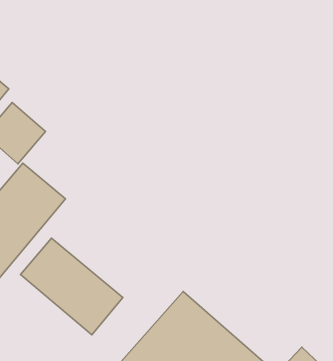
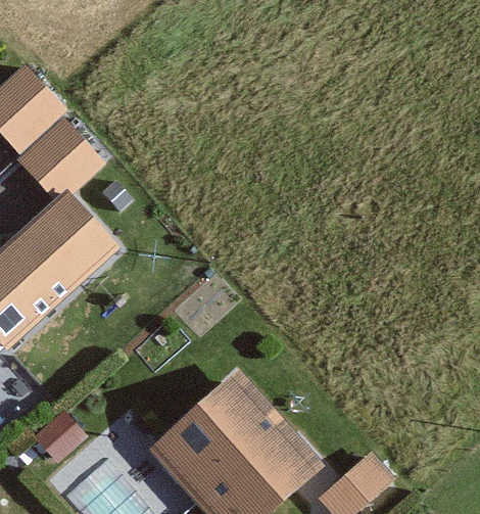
building: [21,238,123,335] -> none

